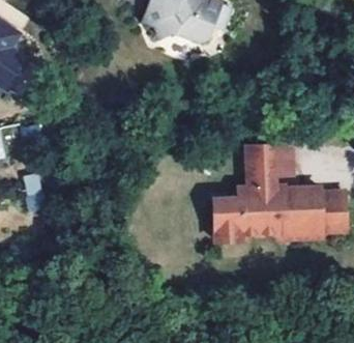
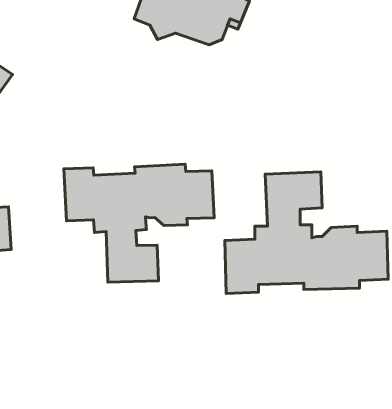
building: none -> [64,164,214,282]

